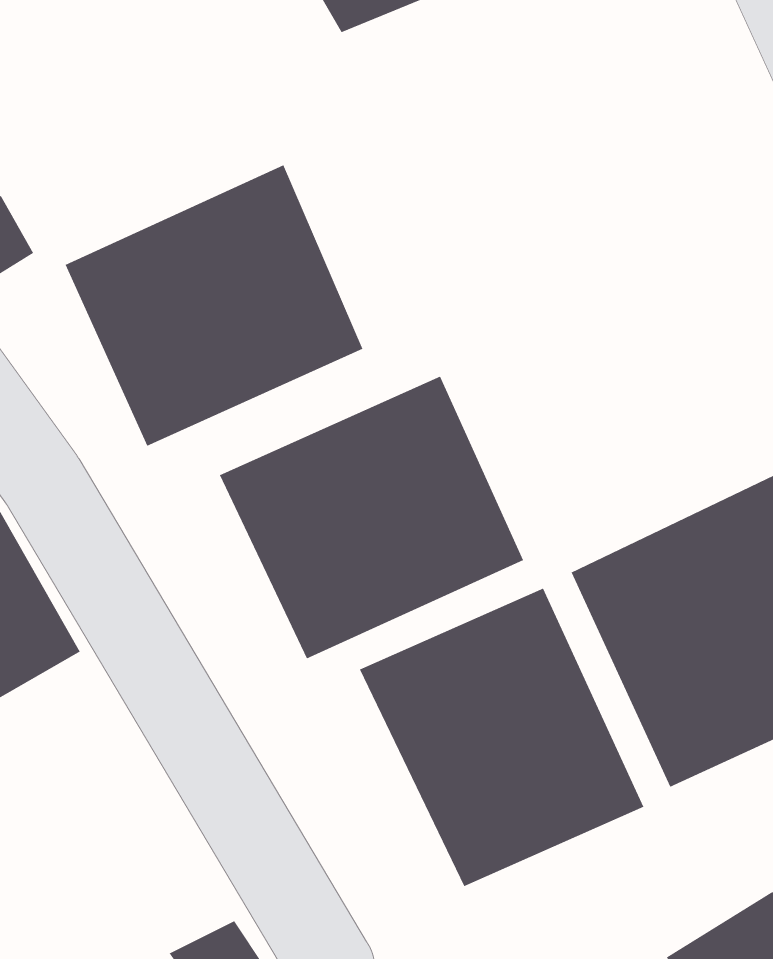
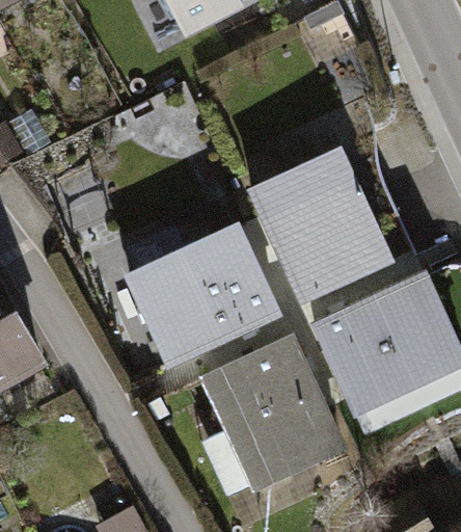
building: [64,164,364,447] -> none
building: none -> [246,144,396,307]

